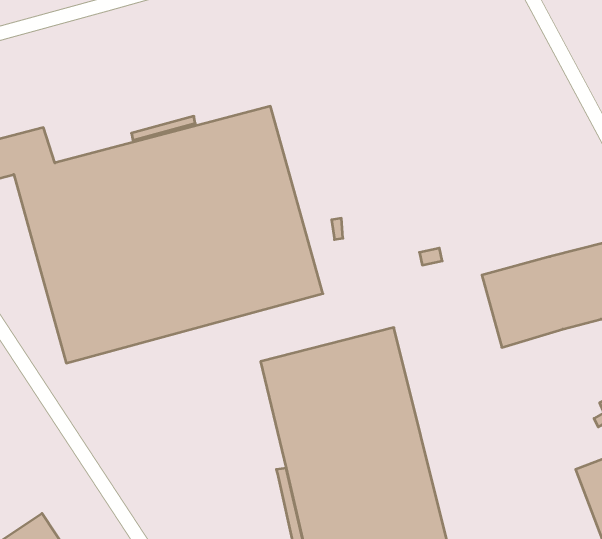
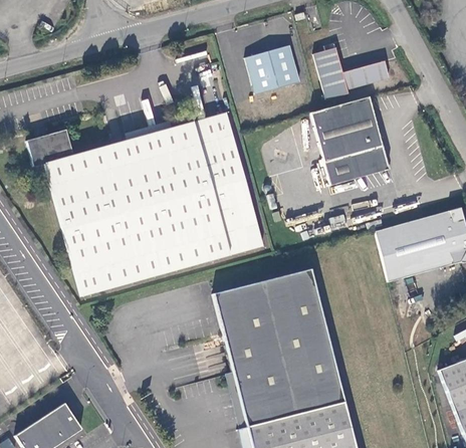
building: none -> [246,45,302,93]
building: none -> [314,48,392,100]
building: none -> [311,96,392,184]

